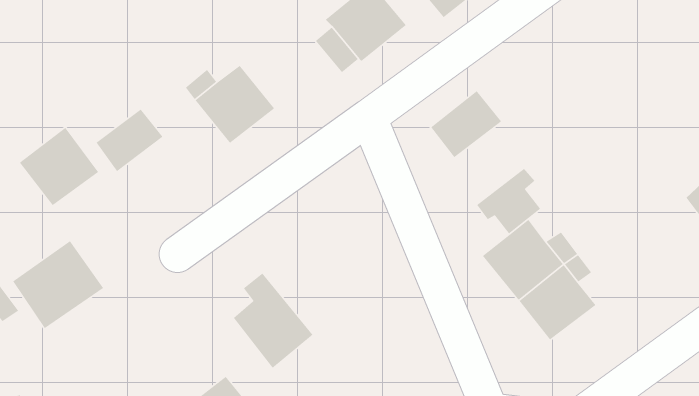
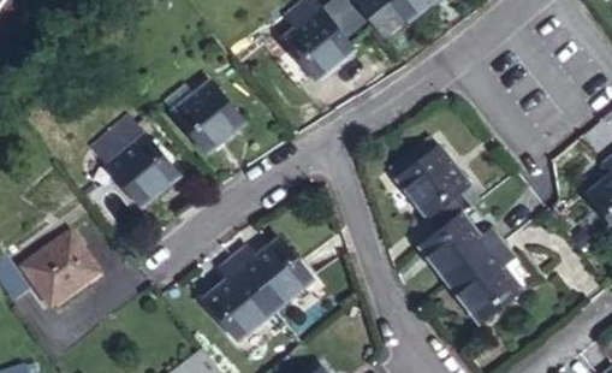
building: [430,90,502,158] -> [394,143,456,201]
building: [19,127,99,206] -> [109,143,178,211]
building: none -> [233,241,313,312]

